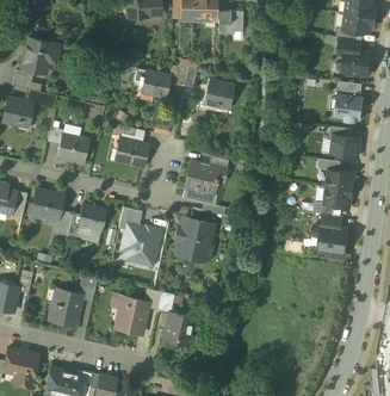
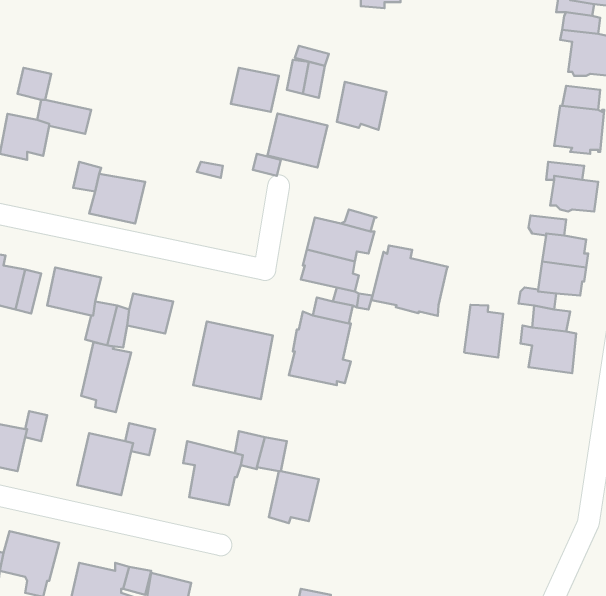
building: [21,38,60,73] -> none
building: [113,136,149,168] -> [268,114,327,168]
building: none -> [372,246,448,316]
building: none -> [464,305,503,357]
building: none -> [81,342,131,412]

